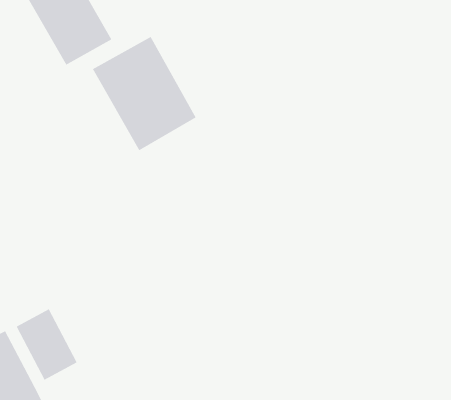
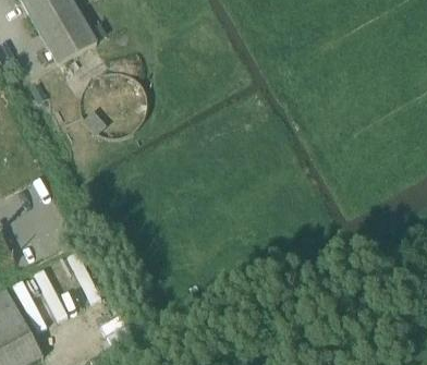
building: [92,36,196,151] -> none

